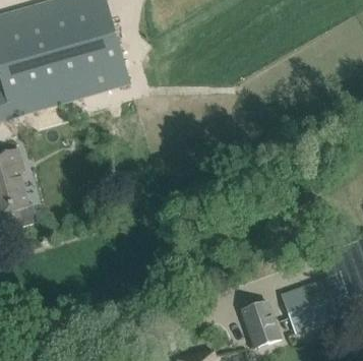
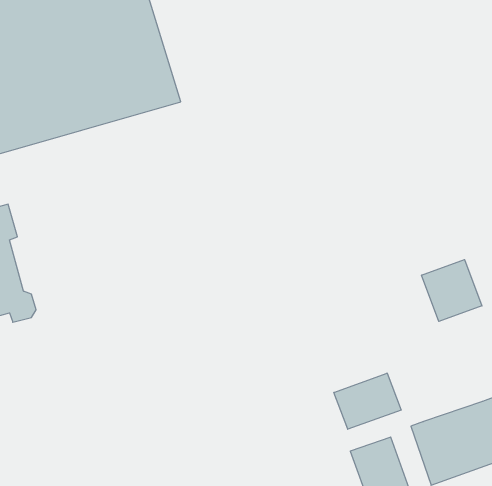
building: none -> [422,260,482,321]
building: none -> [334,373,401,429]

